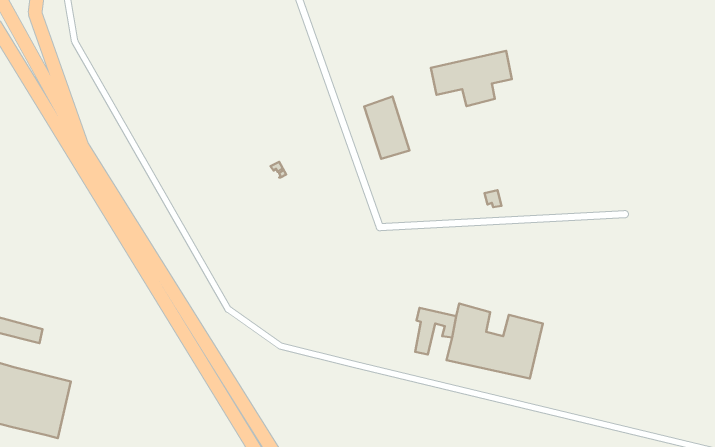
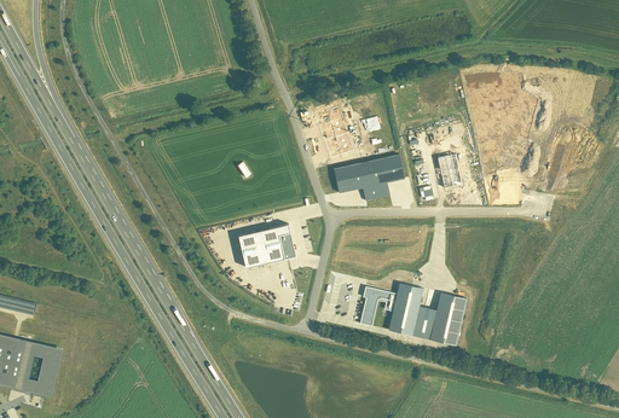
building: [431,51,512,106] -> [335,155,404,202]
building: none -> [438,155,462,188]
building: none -> [238,223,295,267]

